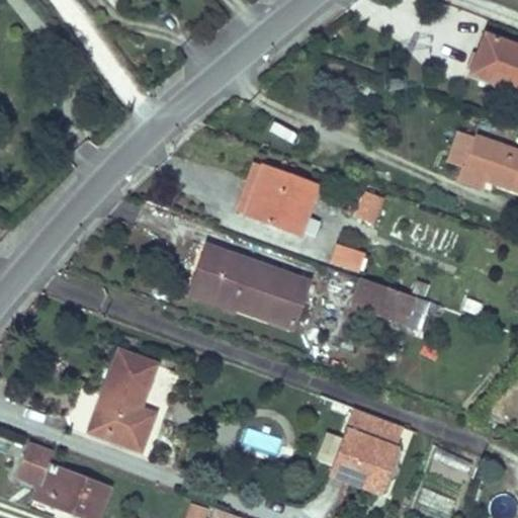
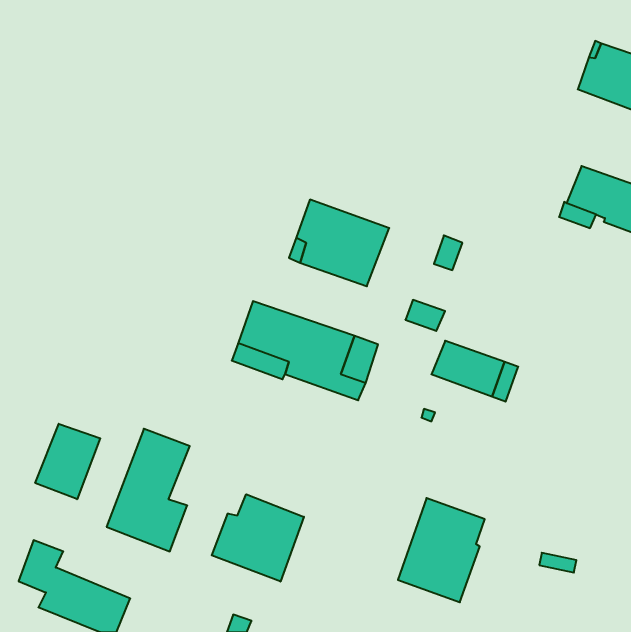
building: none -> [35,424,100,499]
building: none -> [212,494,304,582]

